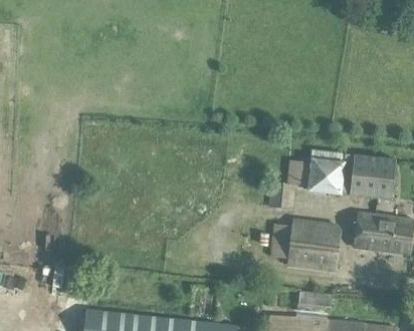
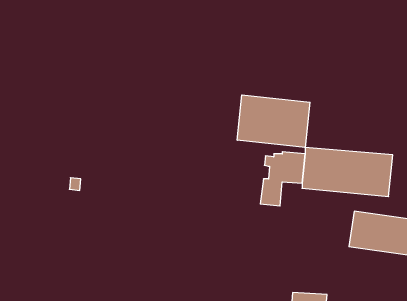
building: none -> [237,95,310,148]
building: [271,220,342,269] -> none

